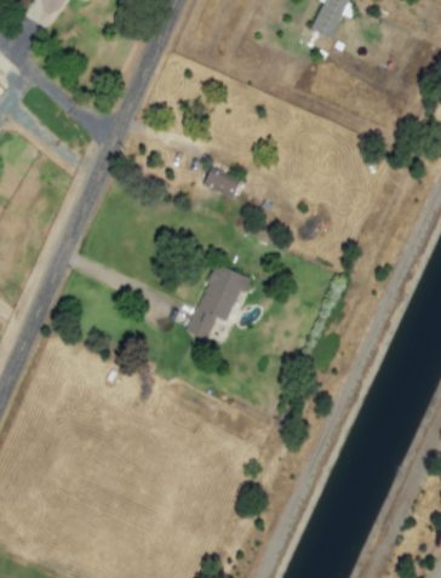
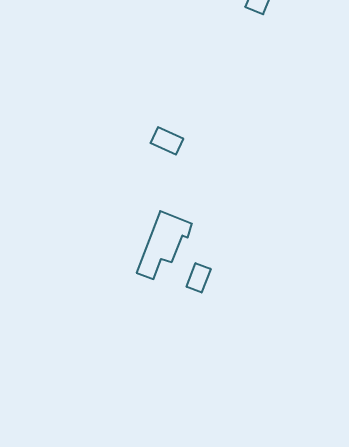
building: none -> [187,263,211,293]

